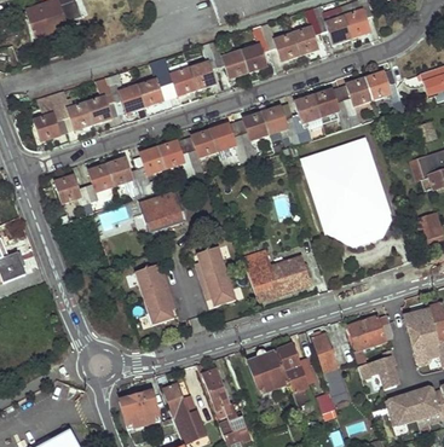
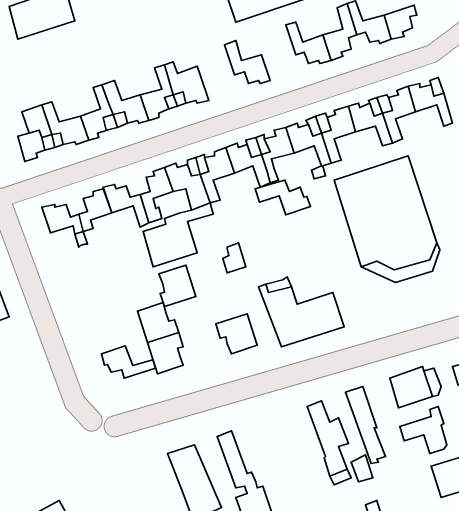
building: [241,25,270,72] -> none
building: [189,42,218,89] -> none
building: none -> [255,180,311,215]
building: [197,244,229,279] -> [159,265,196,306]
building: none -> [101,346,156,378]
building: [248,350,288,393] -> none
building: [120,391,161,433] -> none

